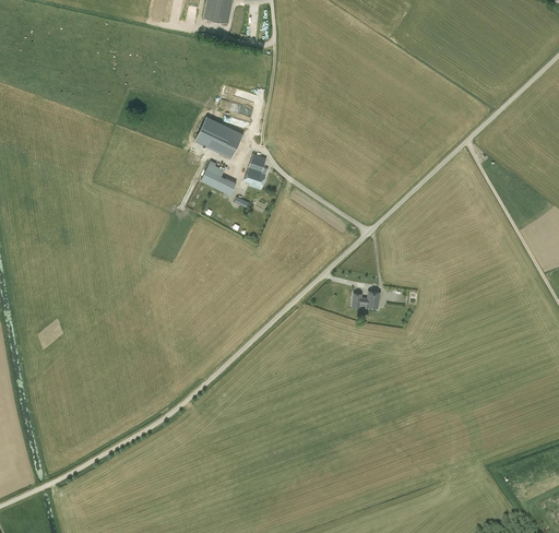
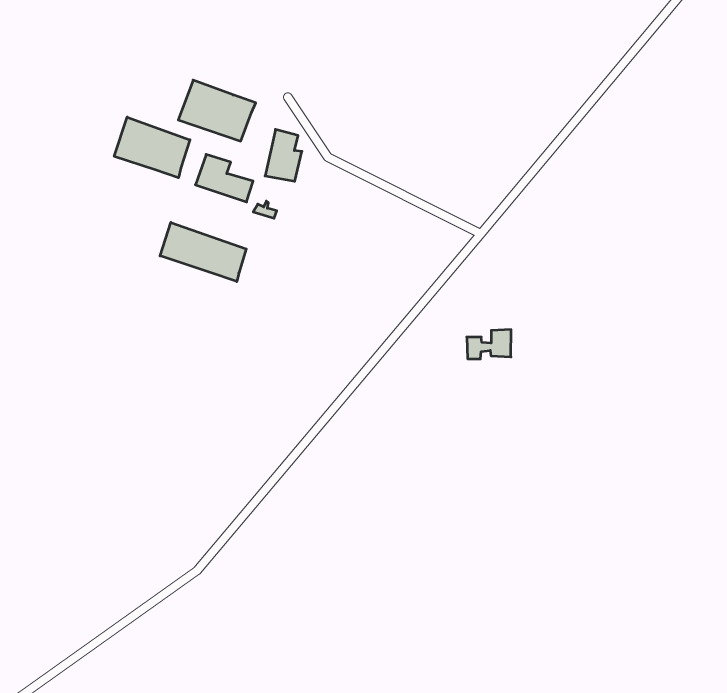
building: none -> [114,117,190,178]
building: none -> [160,222,246,282]

